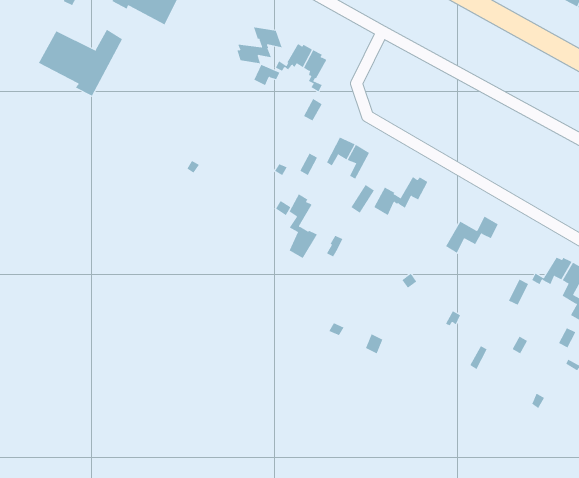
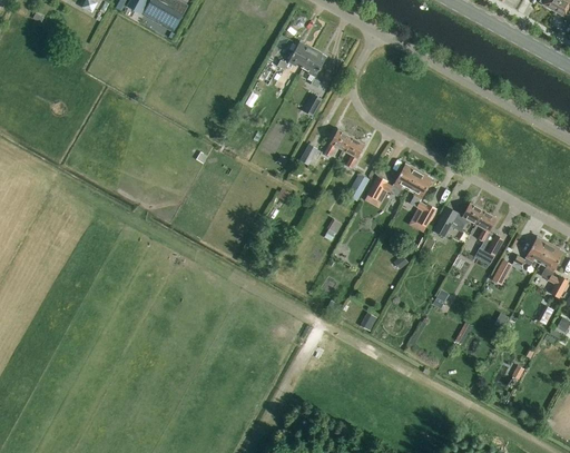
building: [235,26,282,64] -> none
building: [38,29,123,97] -> none
building: [289,193,318,259] -> [409,171,435,232]
building: none -> [475,210,503,256]

